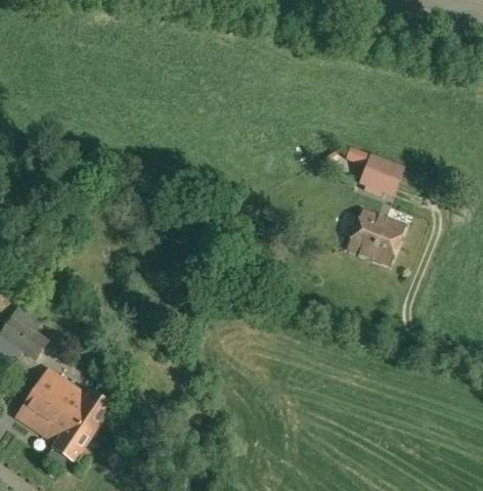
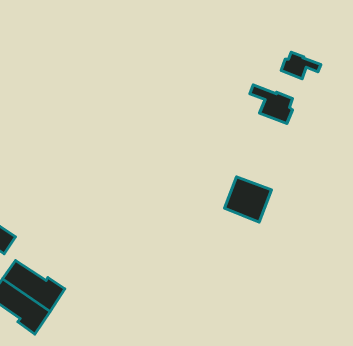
building: none -> [281,52,321,79]
building: [346,208,405,265] -> [225,177,271,222]

